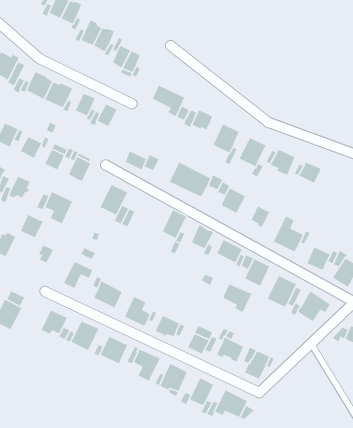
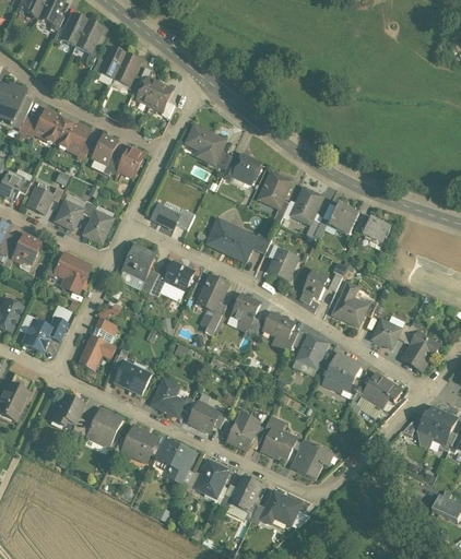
building: none -> [164,261,192,288]
building: [20,214,44,238] -> [22,321,51,350]
building: [222,283,252,313] -> none

